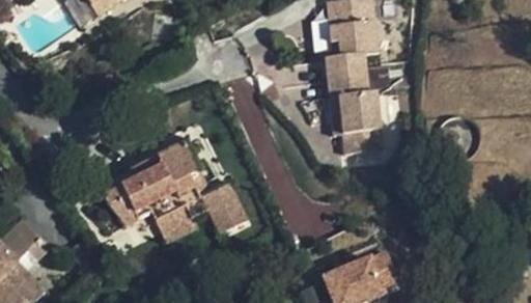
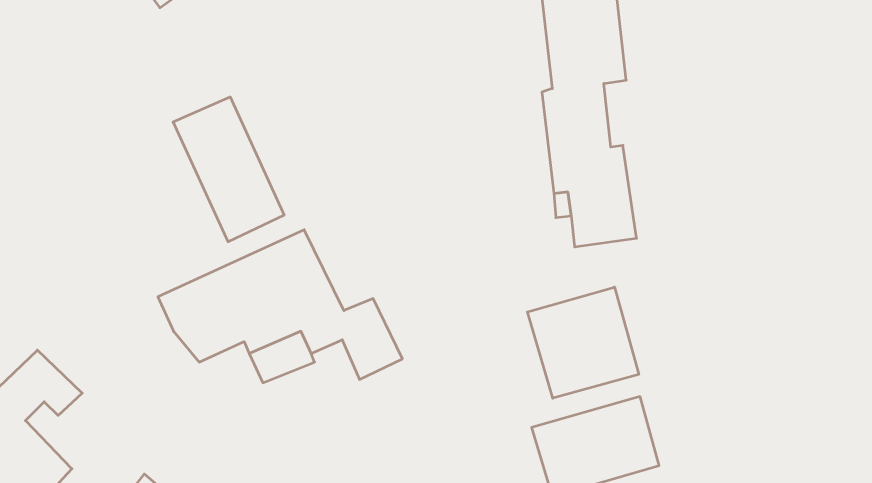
building: none -> [173,97,284,242]
building: none -> [527,287,639,398]

